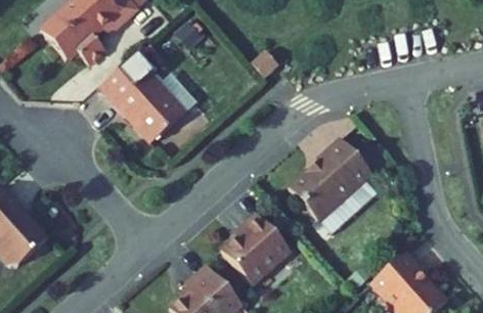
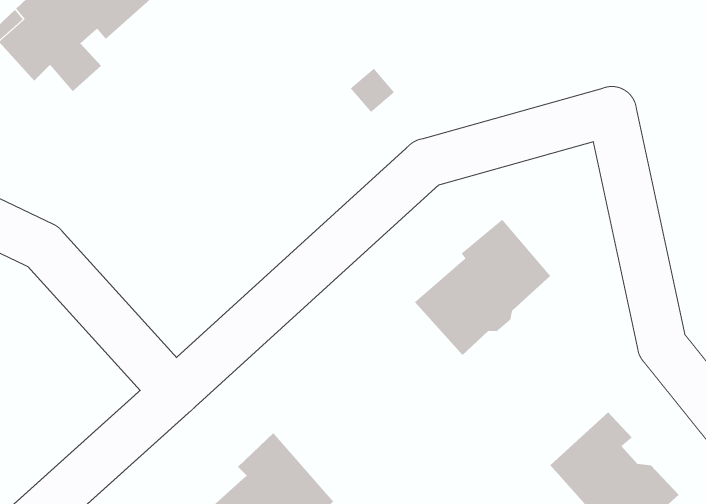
building: [99,60,185,142] -> none
building: [223,213,292,284] -> none

